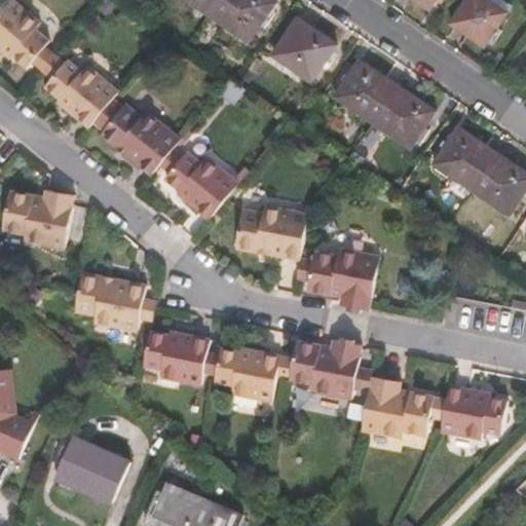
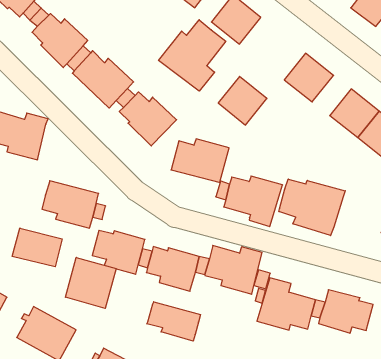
building: none -> [159,20,226,91]
building: [334,60,396,121] -> [218,76,267,125]
building: none -> [279,179,345,236]
building: none -> [12,228,62,267]
building: none -> [65,257,116,308]
building: none -> [147,302,201,341]

